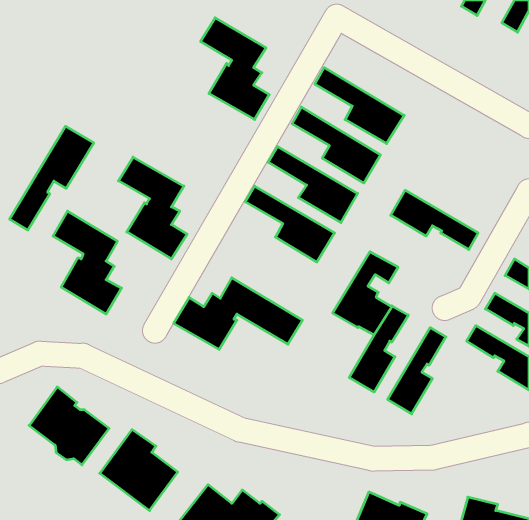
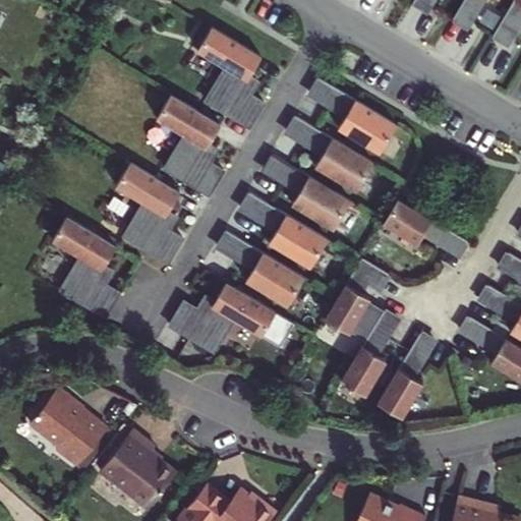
building: none -> [157,97,223,196]
building: [10,126,94,230] -> none
building: none -> [218,231,304,305]

